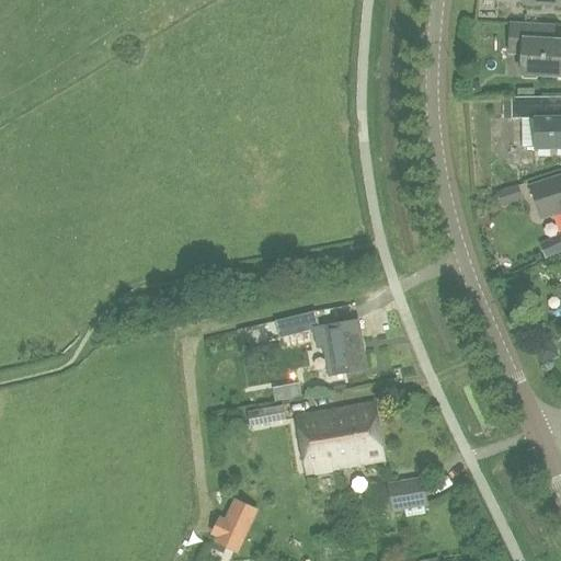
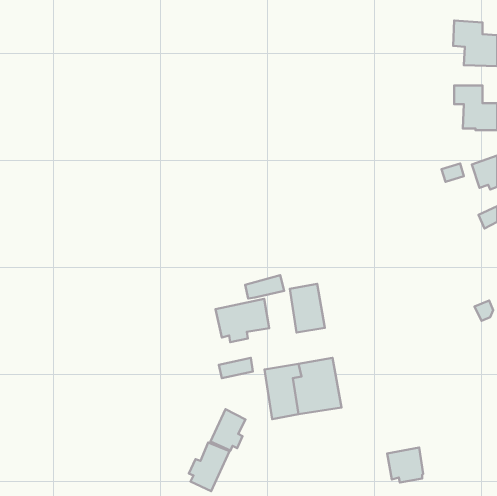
building: none -> [216,299,269,342]
building: none -> [210,409,245,451]
building: [388,476,428,515] -> [387,448,423,483]

